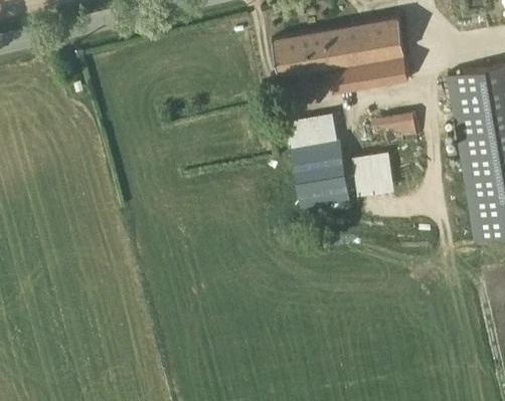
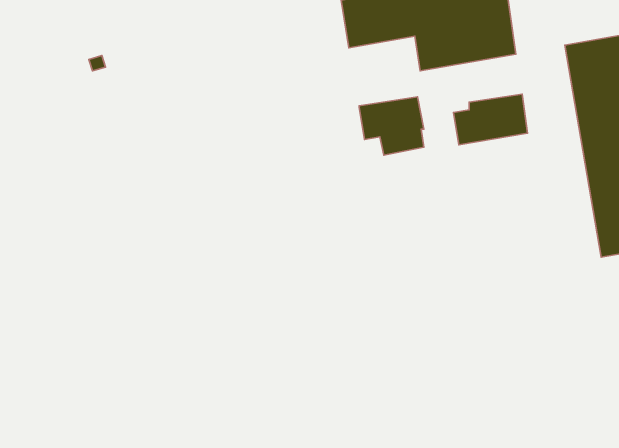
building: [352,154,392,197] -> none
building: [296,167,346,197] -> none

